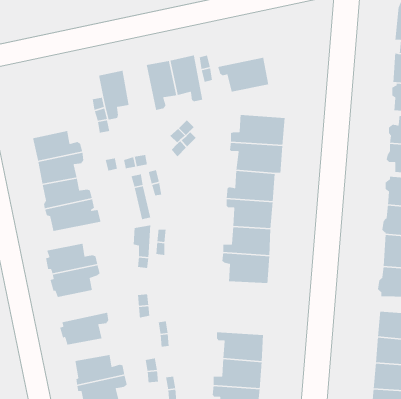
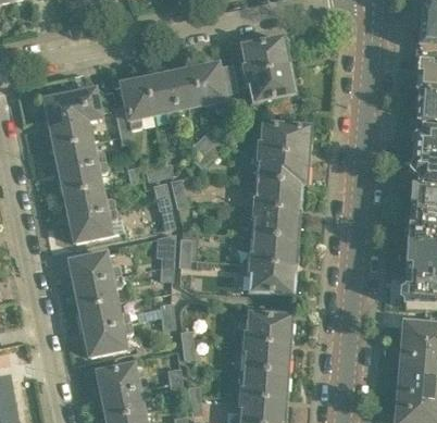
building: none -> [239,37,287,74]
building: none -> [146,72,178,120]
building: none -> [45,88,99,146]
building: none -> [77,299,130,331]
building: none -> [239,312,289,344]

